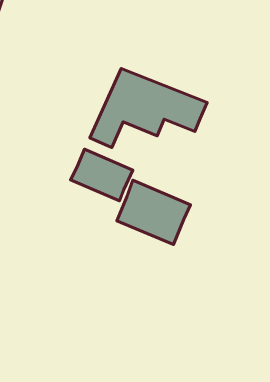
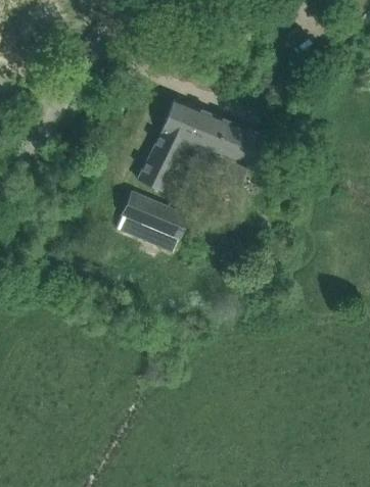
building: [117,180,190,245] -> none

